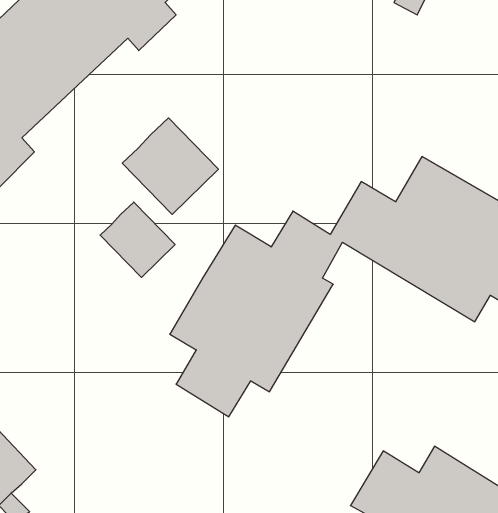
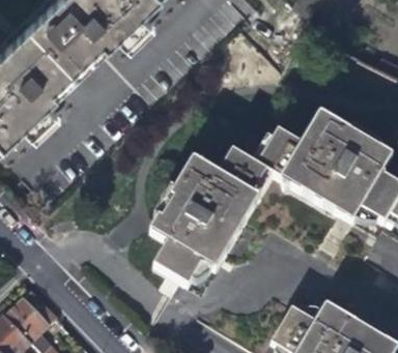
building: [122,118,218,214] -> none
building: [100,202,175,277] -> none

